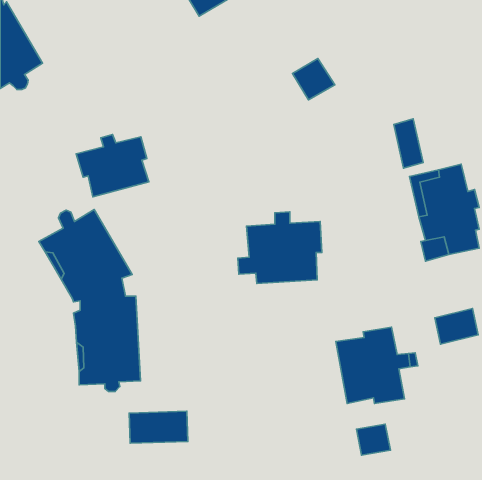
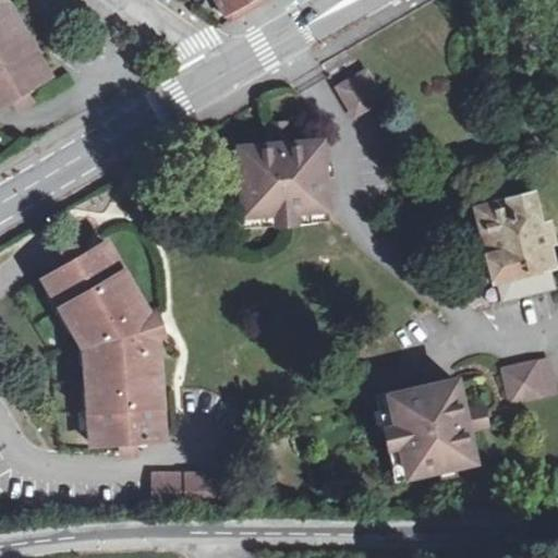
building: [394,119,423,168] -> none
building: [76,134,149,197] -> none
building: [238,212,322,284] -> [228,131,325,214]
building: [356,424,390,455] -> none

